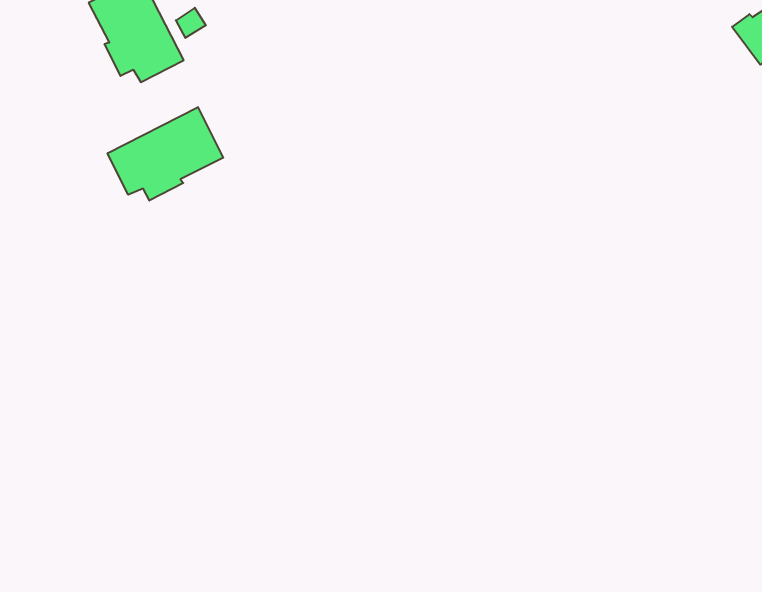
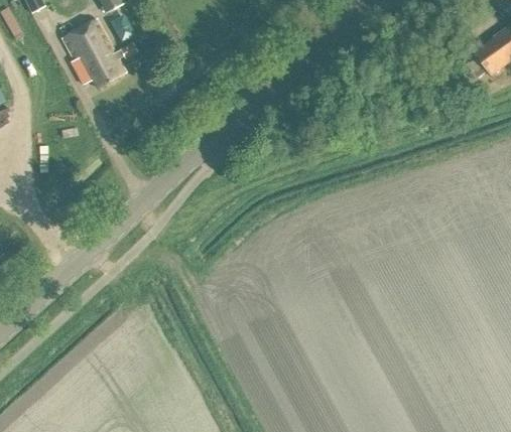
building: [108,107,223,201] -> none

